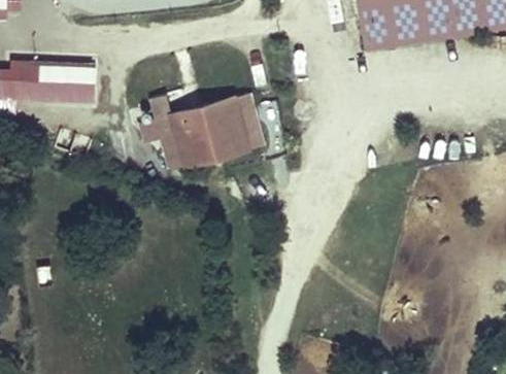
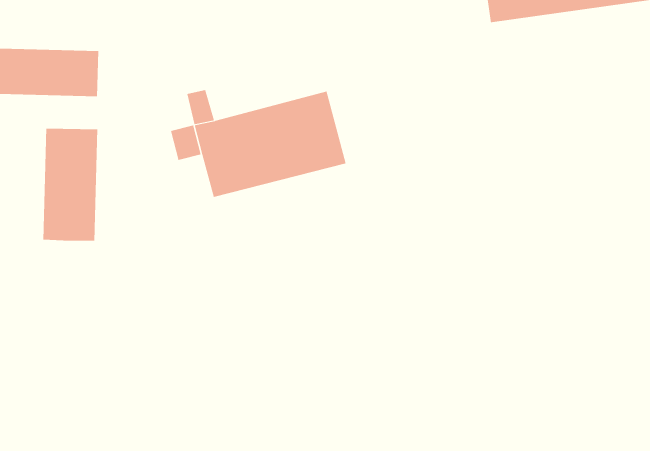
building: none -> [43,128,98,242]

